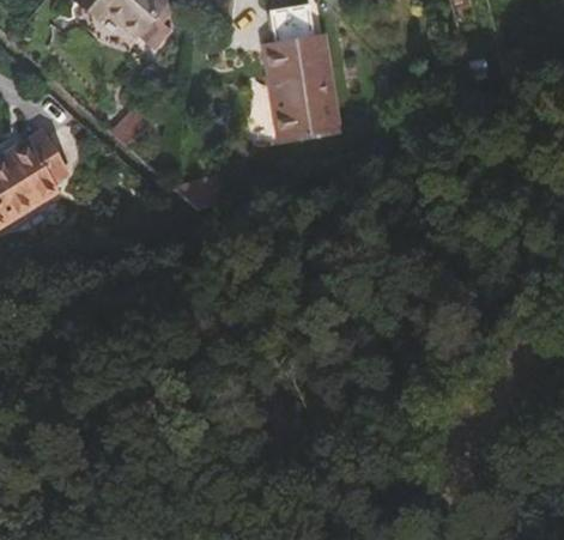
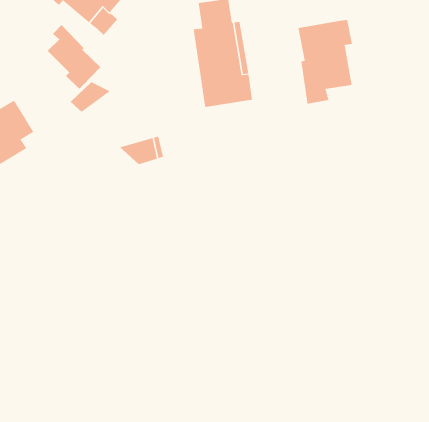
building: none -> [298,19,353,104]
building: none -> [47,24,101,89]

